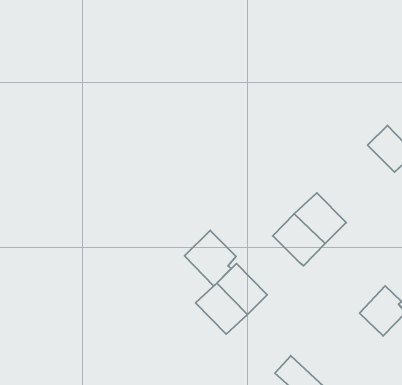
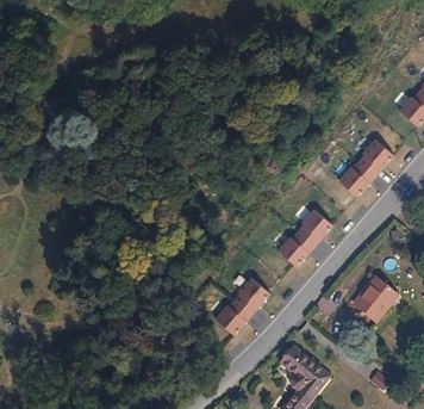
building: none -> [332,153,375,194]
building: [185,230,236,286] -> none

